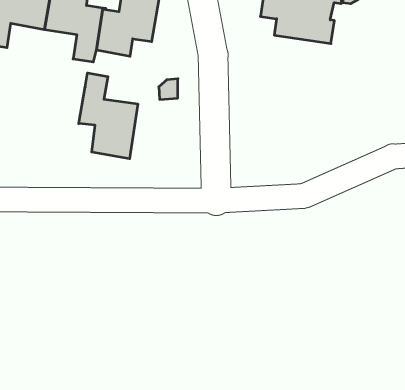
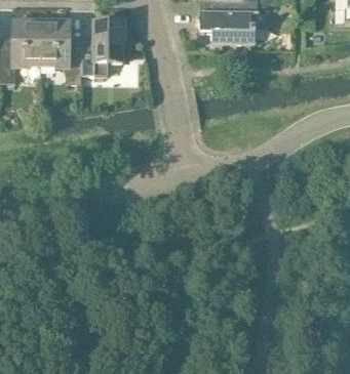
building: [79,73,138,159] -> none

